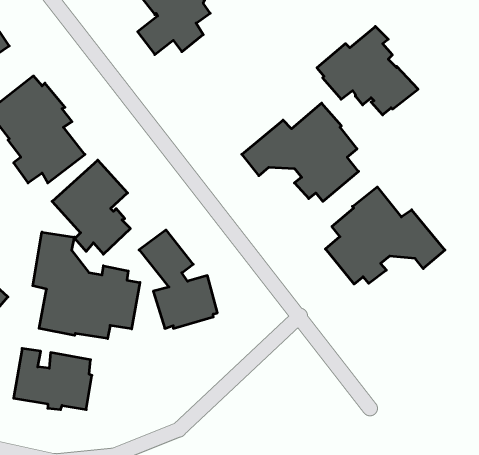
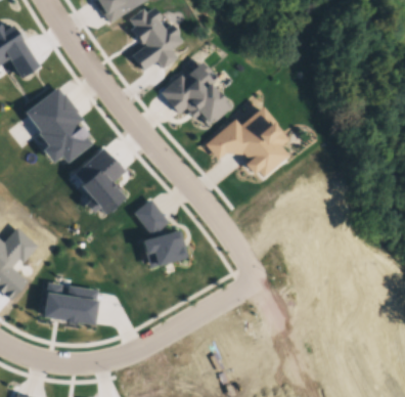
building: [317,26,418,115] -> [161,61,233,125]
building: [325,187,445,284] -> none
building: [33,232,140,339] -> none

